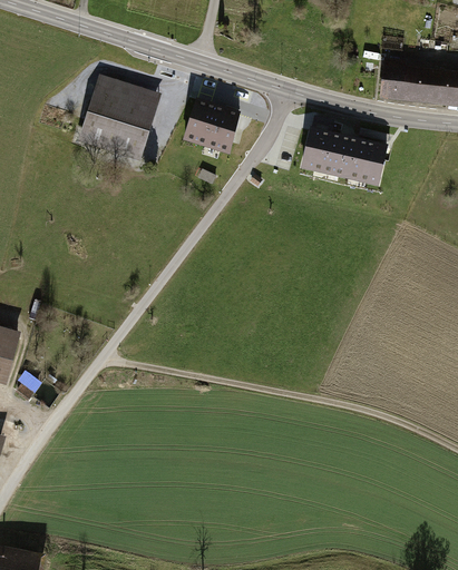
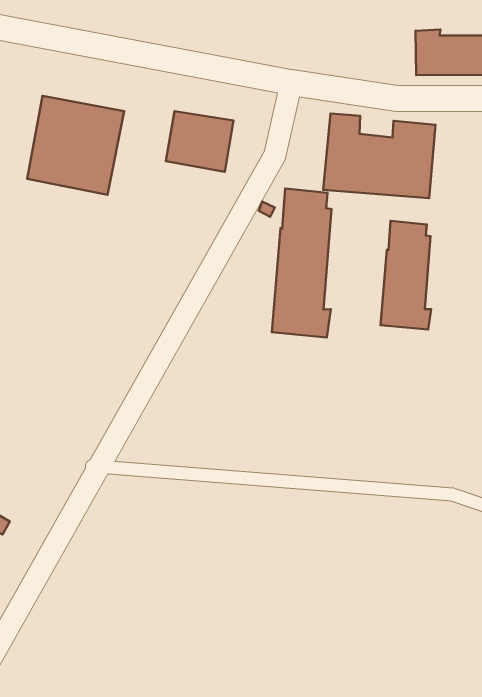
building: none -> [272,188,331,337]
building: none -> [380,221,431,330]

